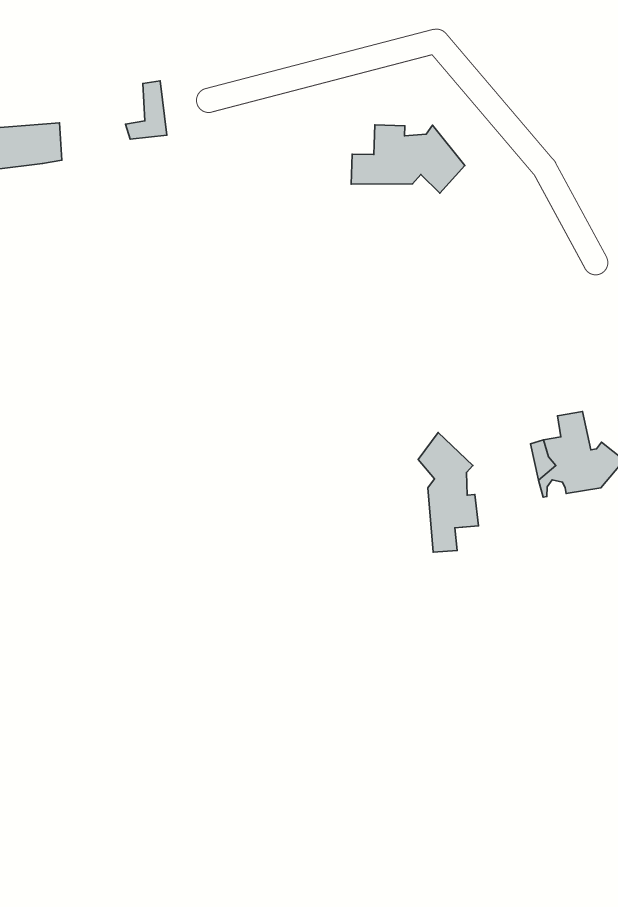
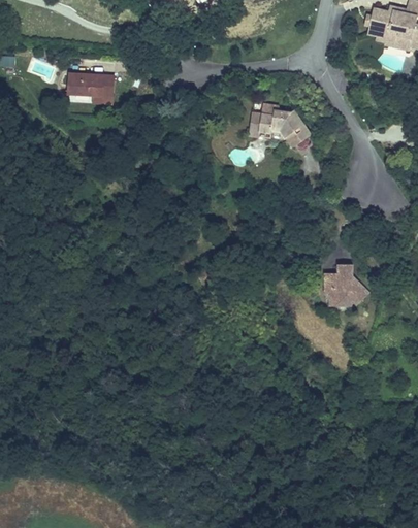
building: [126,81,167,139] -> [90,71,111,100]
building: [418,432,478,552] -> none

